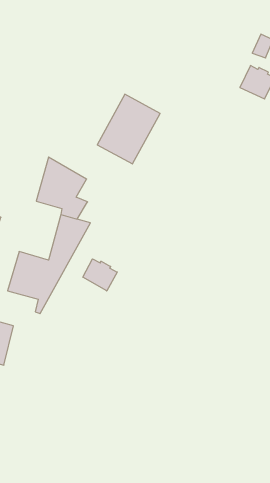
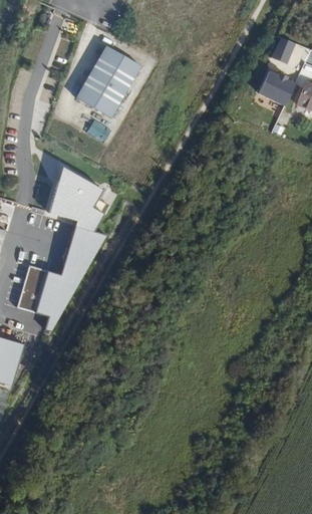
building: [97,94,160,164] -> [75,44,141,117]
building: [83,259,117,291] -> none

